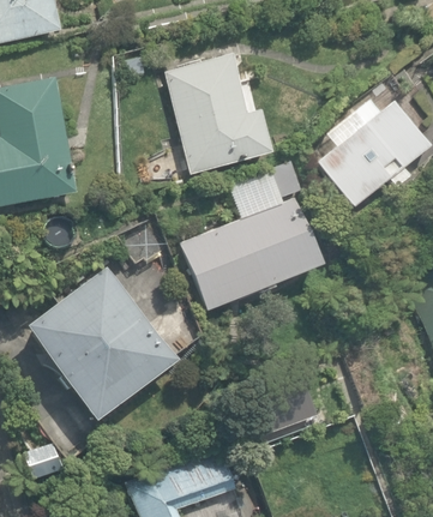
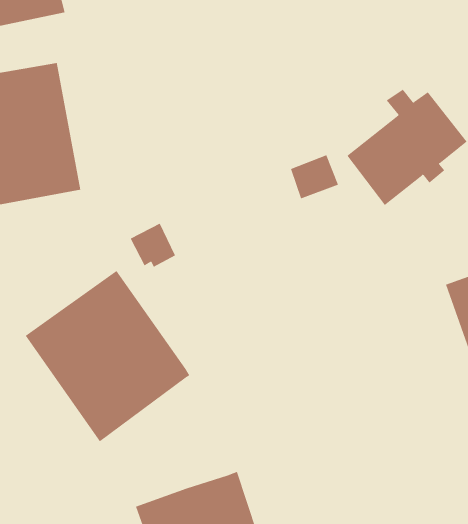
building: [163,53,272,175] -> none
building: [181,197,320,309] -> none

